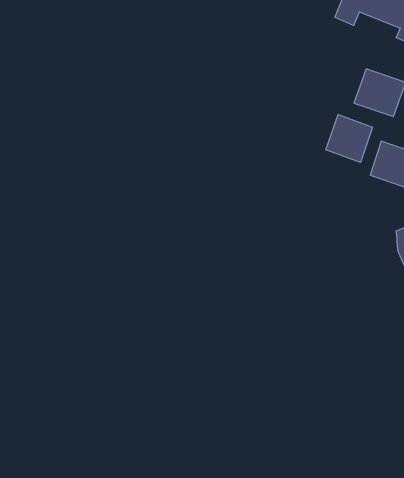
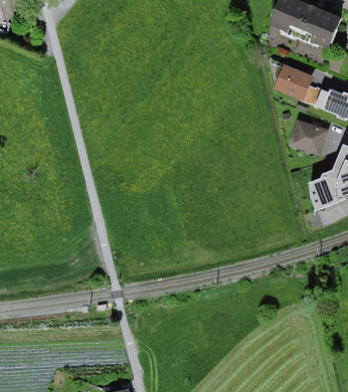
building: [326,115,373,162] -> none

